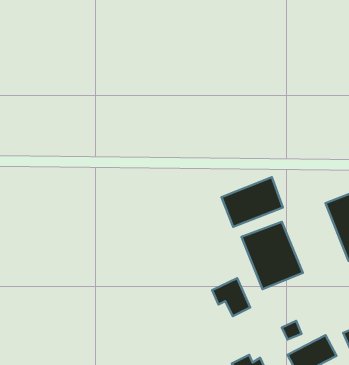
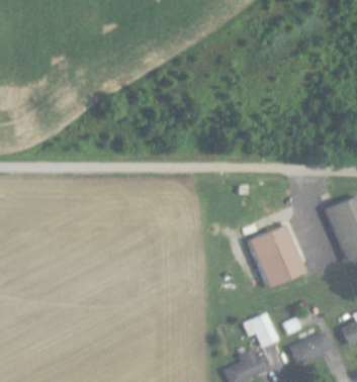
building: [221,177,283,227] -> none
building: [212,278,250,316] -> [245,312,280,348]

